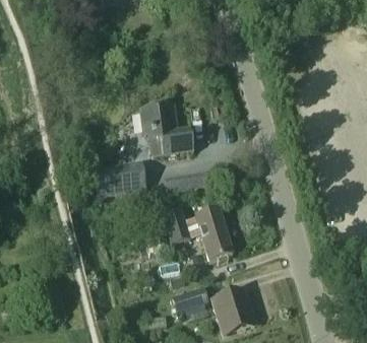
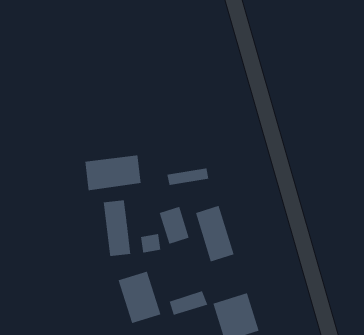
building: [141,105,193,155] -> none
building: none -> [103,199,131,257]
building: none -> [118,271,161,324]

